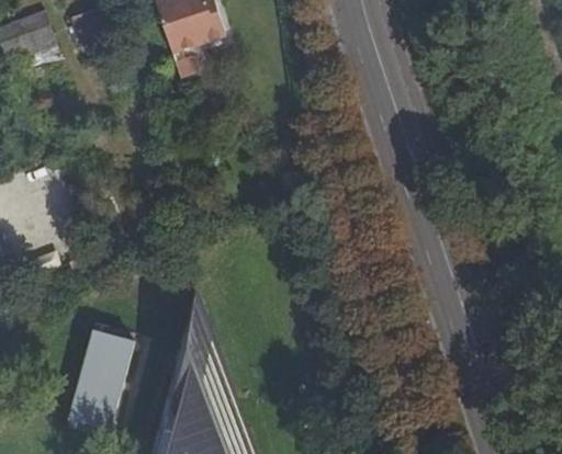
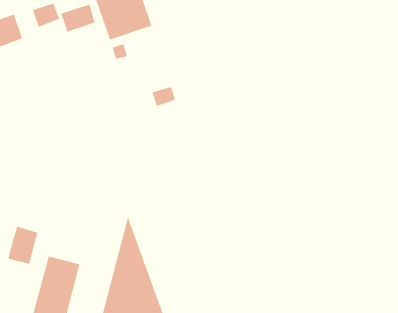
building: none -> [60,4,95,32]
building: none -> [8,226,38,264]

